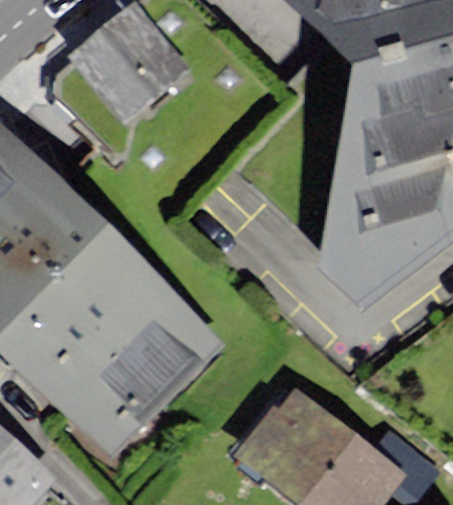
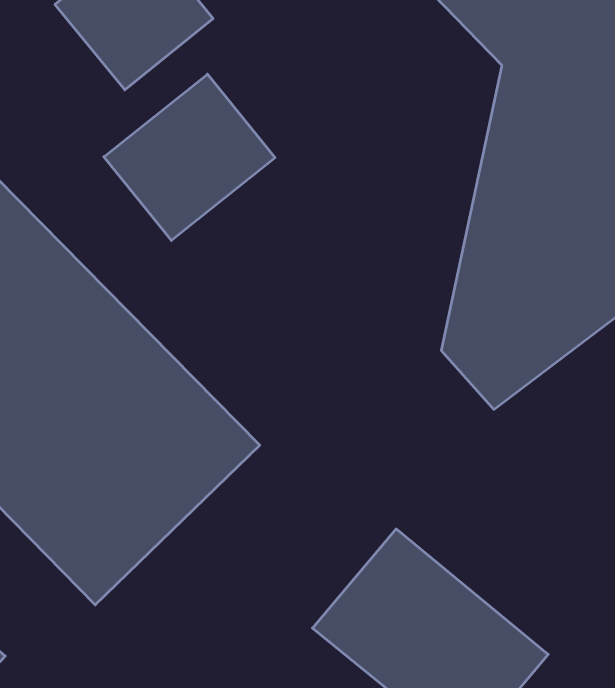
building: none -> [104,74,275,241]

